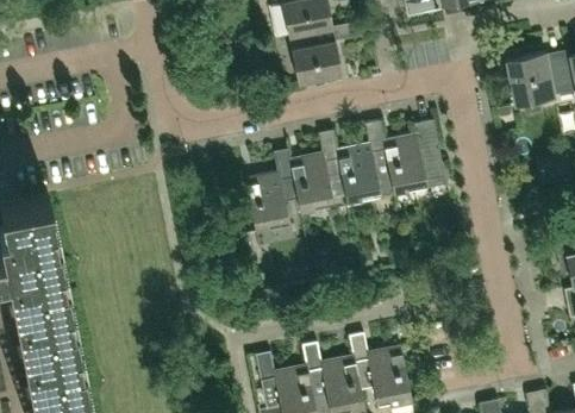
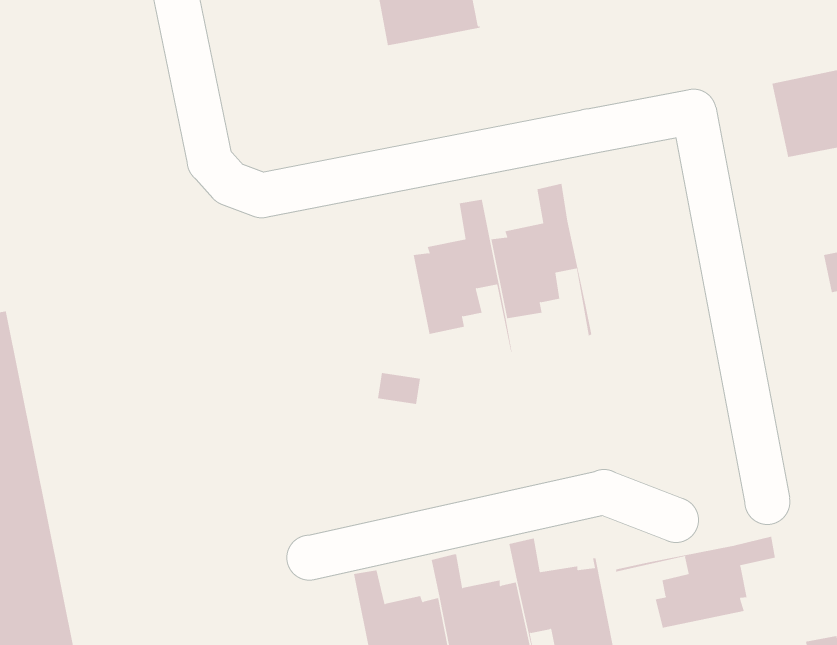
building: [289,21,362,82] -> none
building: [385,119,443,193] -> none
building: [244,139,305,249] -> none
building: none -> [615,536,775,629]

